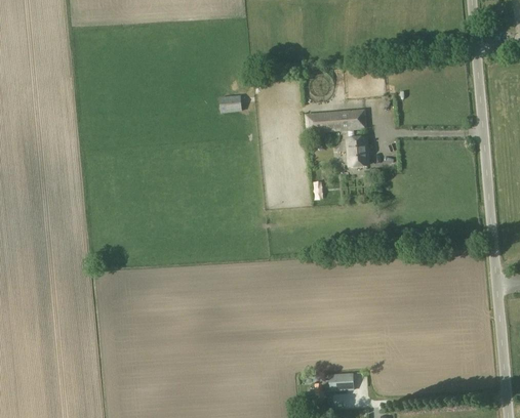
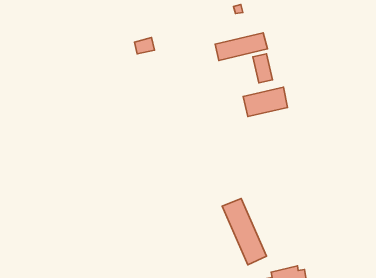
building: none -> [243,87,288,117]
building: none -> [222,199,266,265]

